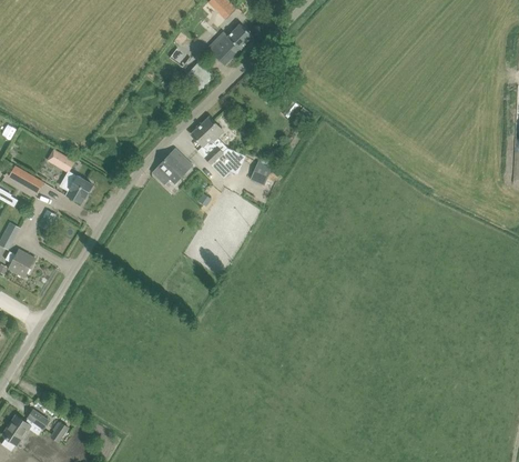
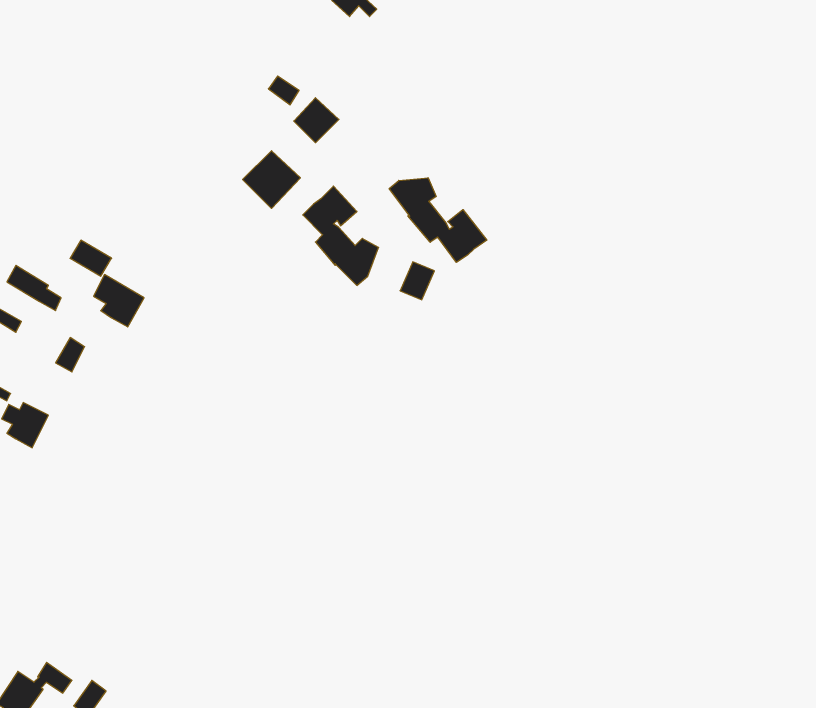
building: [206,22,254,64] -> none
building: none -> [389,178,487,262]
building: [157,148,193,183] -> [243,151,300,208]

